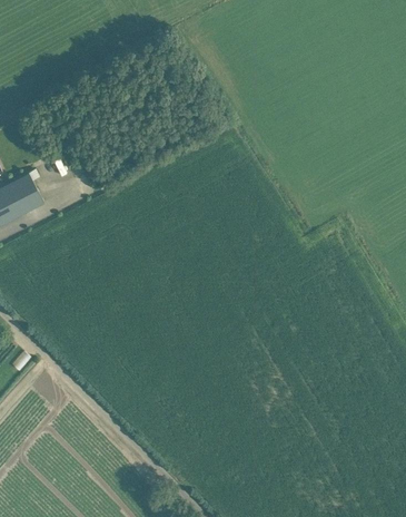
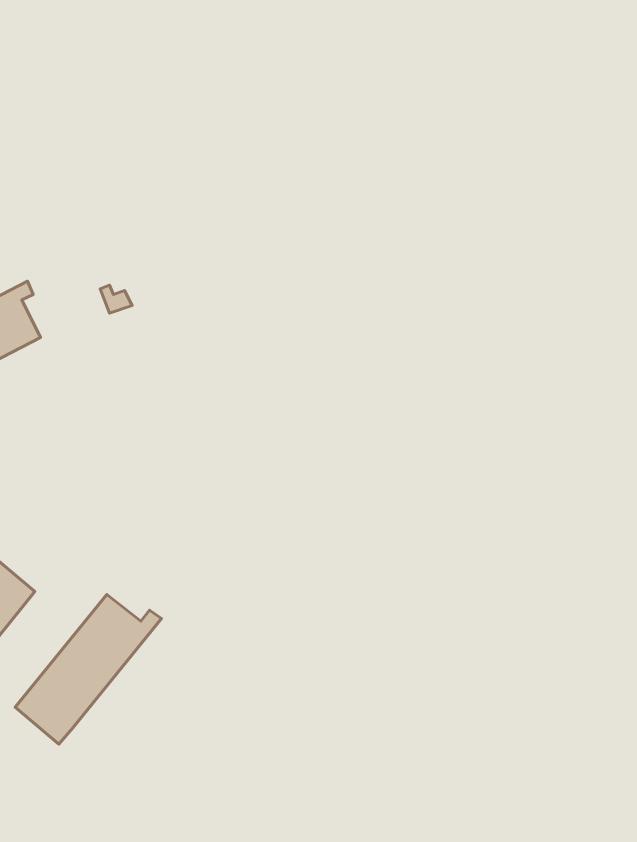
building: none -> [15,594,162,744]

